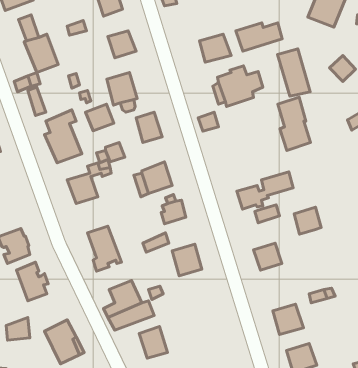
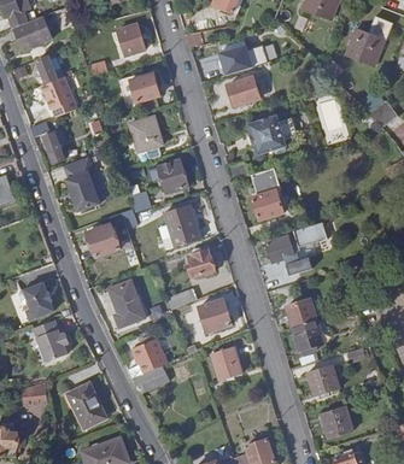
building: [236,23,282,51] -> [219,45,269,75]
building: [278,97,310,150] -> [251,166,286,223]
building: [86,104,114,131] -> none
building: [294,207,321,234] -> [293,321,322,350]
building: [139,327,167,358] -> [211,347,241,381]

